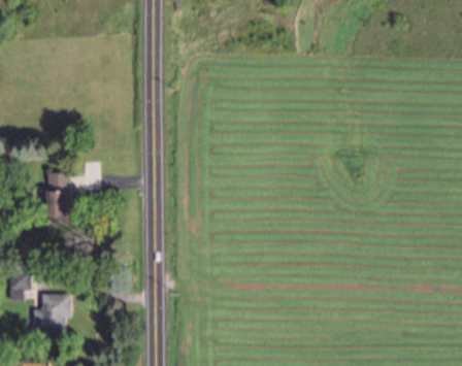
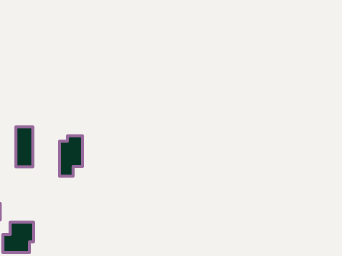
building: none -> [60,136,82,176]

